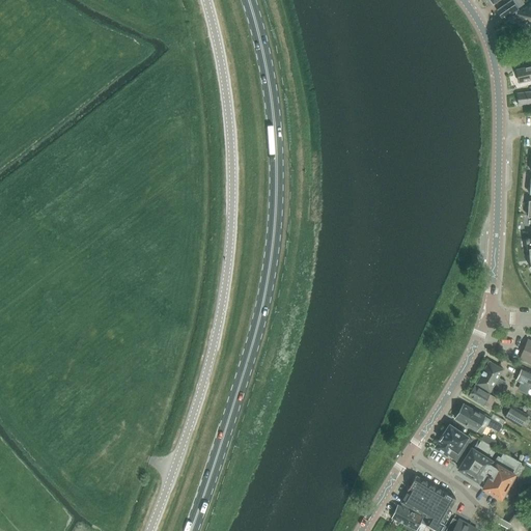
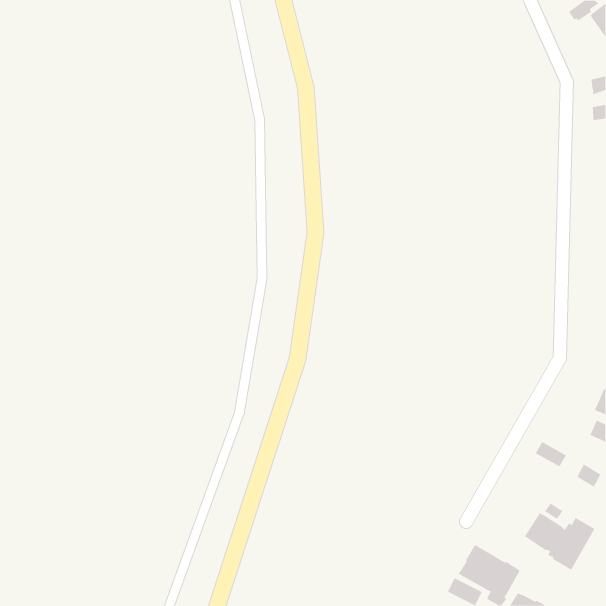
building: [475,361,504,392] -> none
building: [455,404,502,434] -> none
building: [436,425,471,462] -> none

